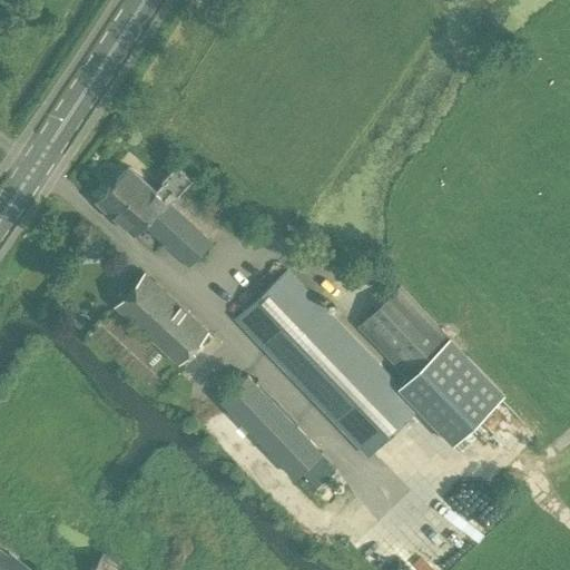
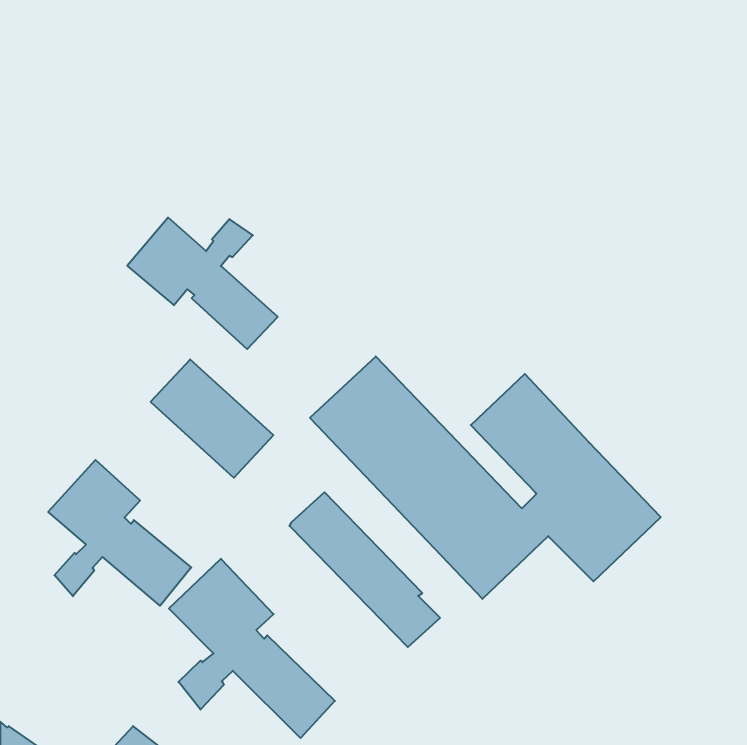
building: none -> [48,460,191,606]
building: none -> [169,559,335,738]

